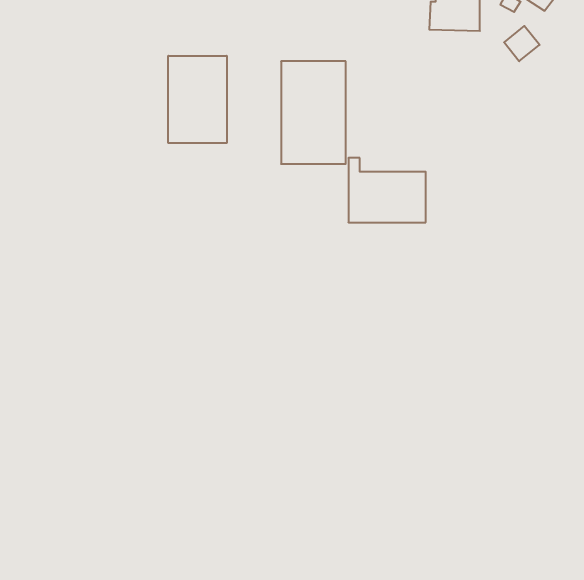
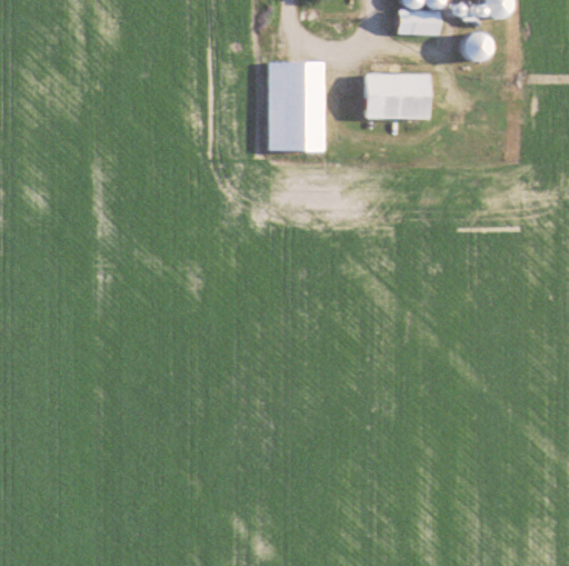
building: [168,56,227,143] -> none
building: [348,158,426,222] -> [363,61,431,118]

